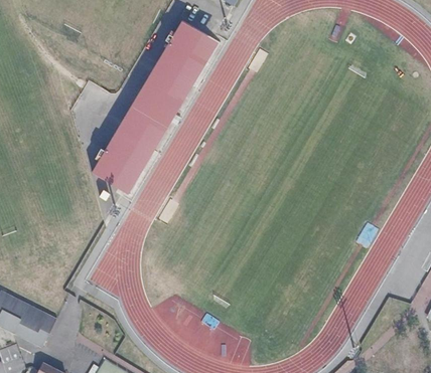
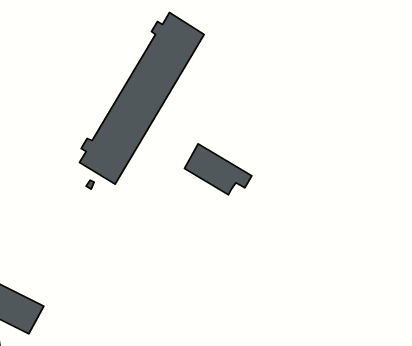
building: none -> [185,144,252,195]

